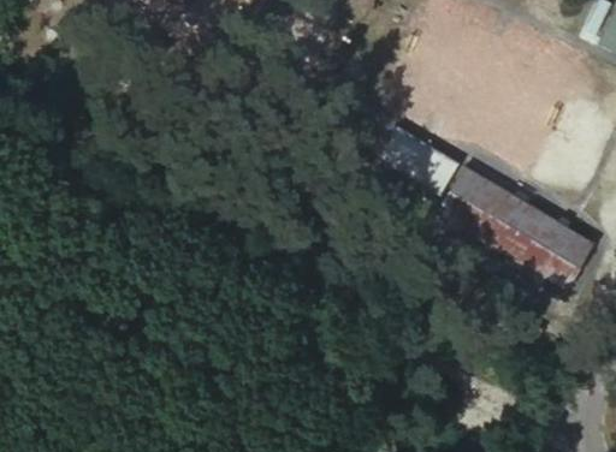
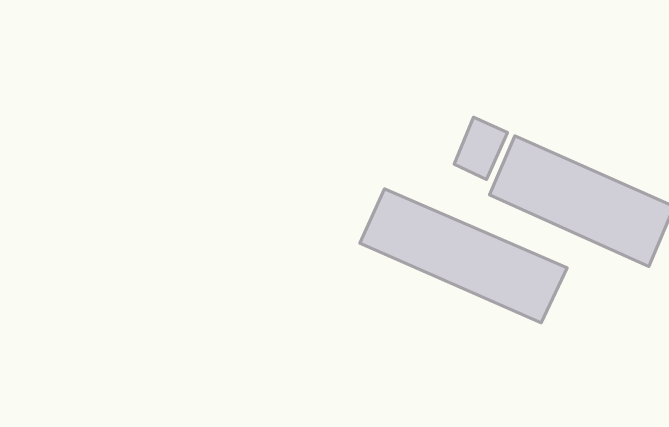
building: none -> [360,189,567,323]

